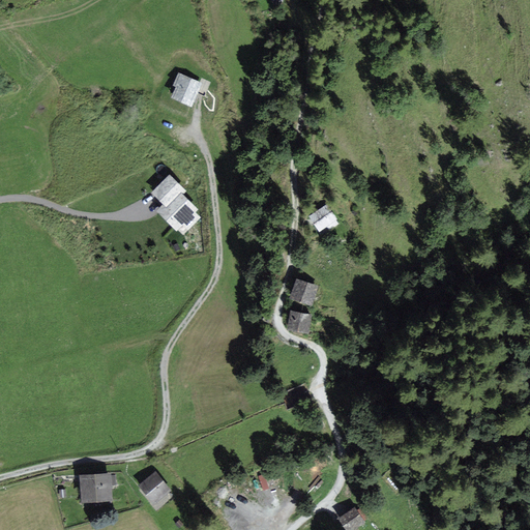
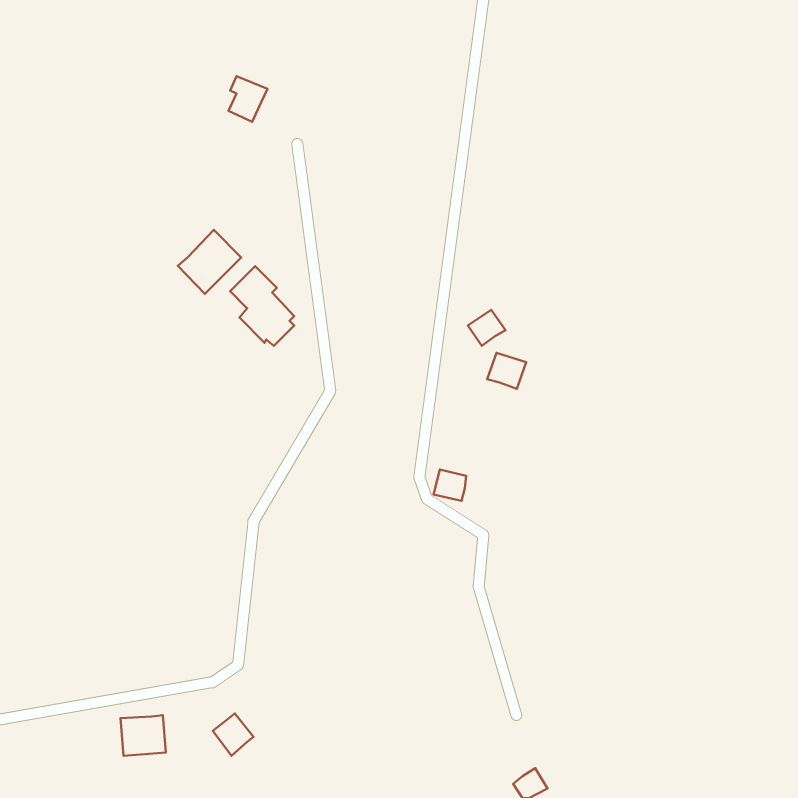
building: [173,73,199,104] -> [229,76,268,122]
building: none -> [178,230,241,294]
building: [290,279,316,303] -> [487,353,526,389]

